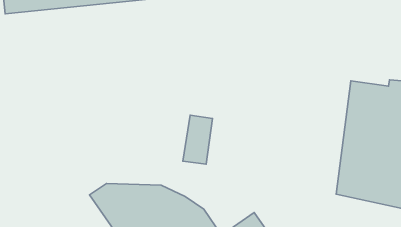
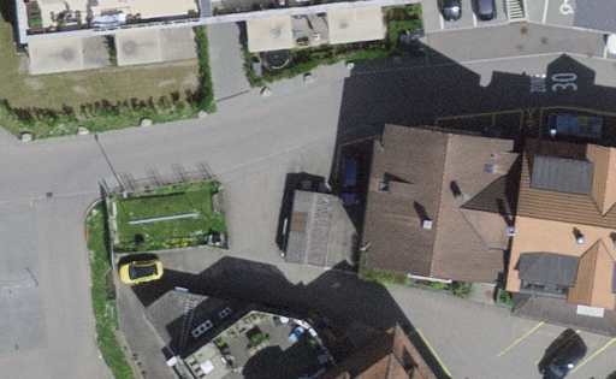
building: none -> [362,137,520,267]

